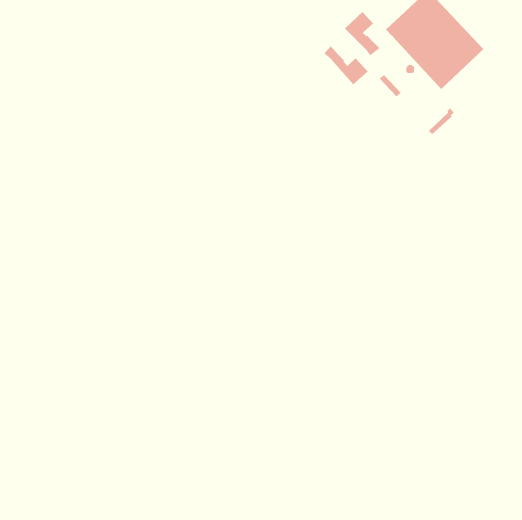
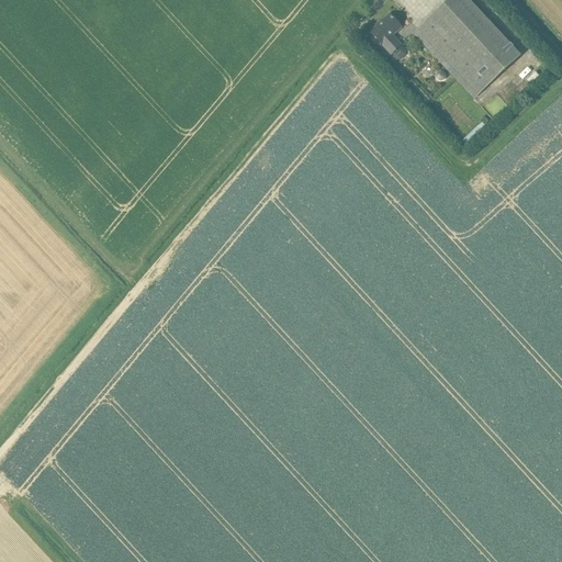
building: [324,45,369,85] -> none

